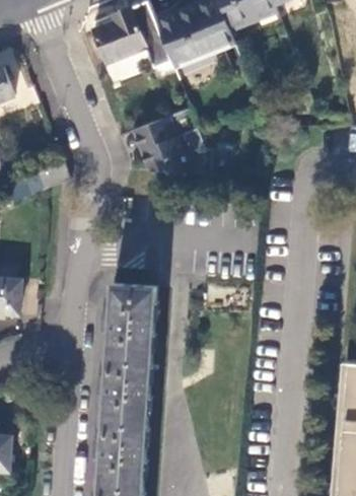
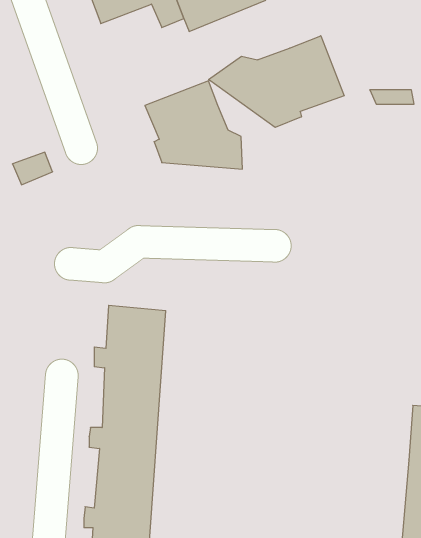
building: none -> [209,36,344,127]

